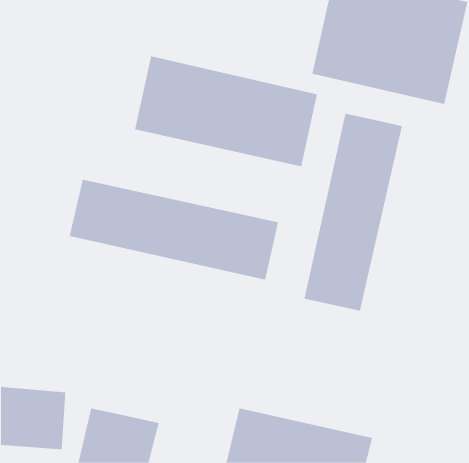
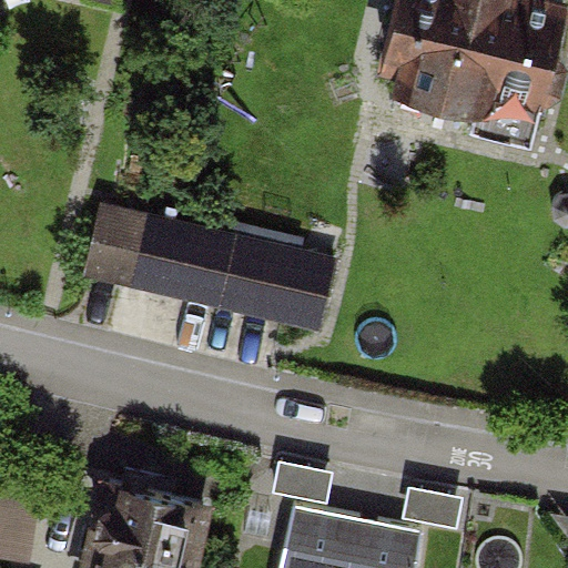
building: [134,56,317,167] -> none
building: [304,113,402,312] -> none

